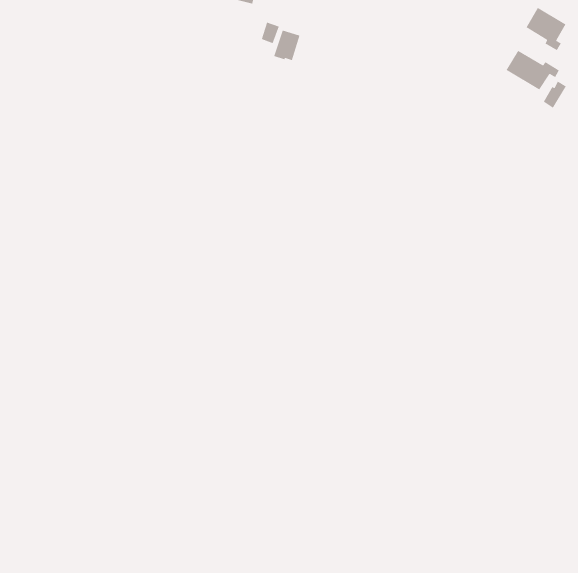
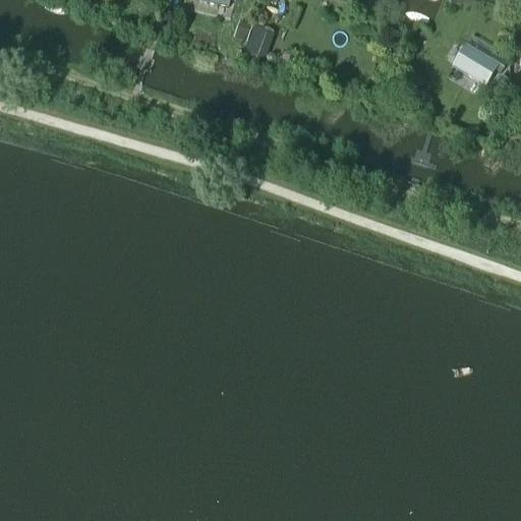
building: [525,7,566,51] -> none

